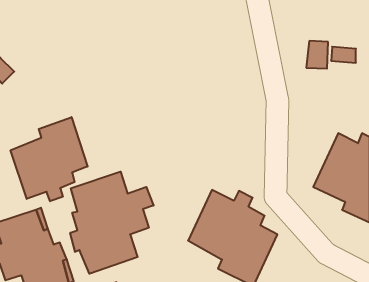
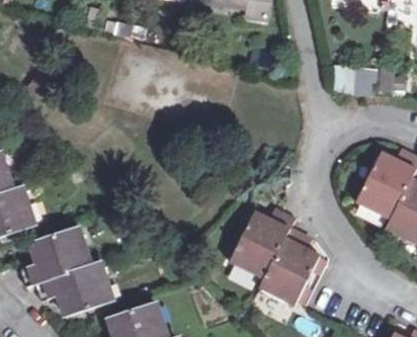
building: [11,117,88,201] -> none
building: [70,172,154,274] -> none

